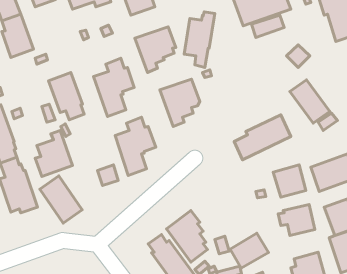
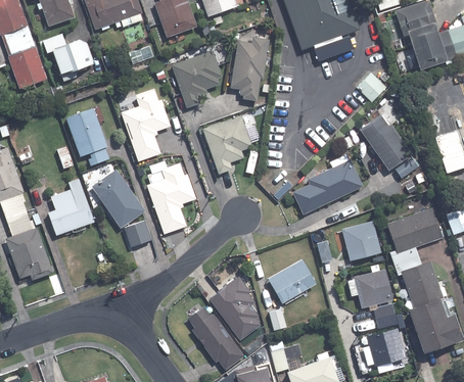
building: none -> [41,34,94,81]
building: [40,176,82,223] -> [91,170,143,228]
building: none -> [374,304,403,328]
building: [230,233,269,268] -> [268,259,315,302]

